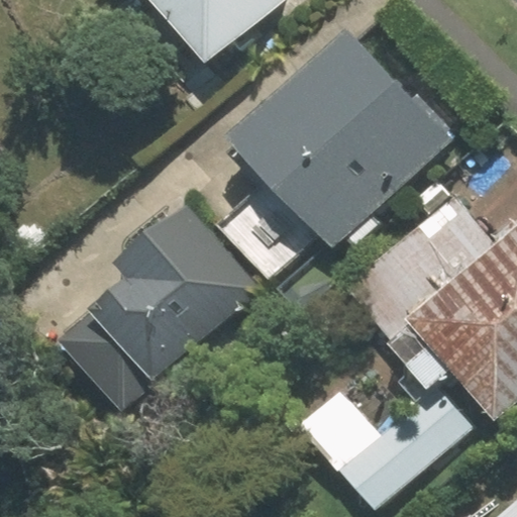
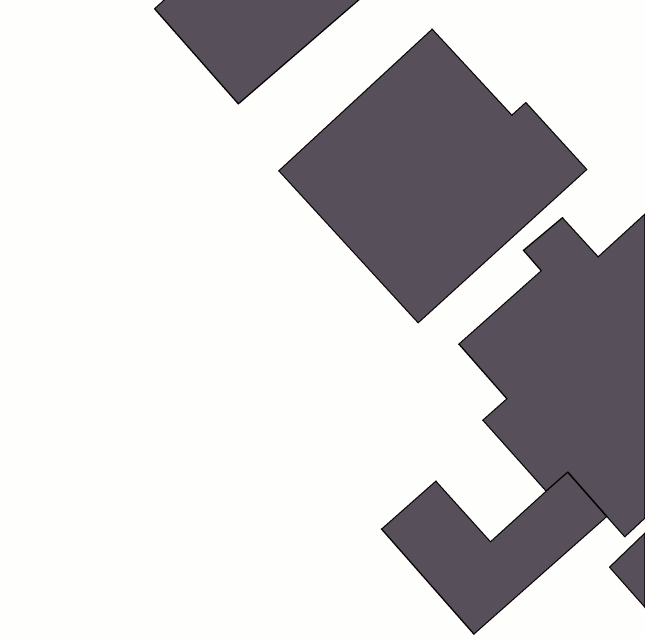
building: [87,203,262,386] -> none

